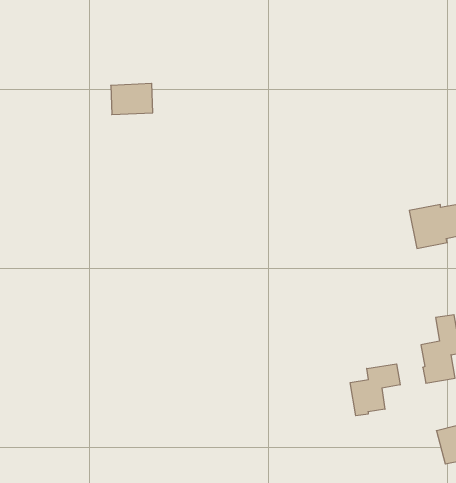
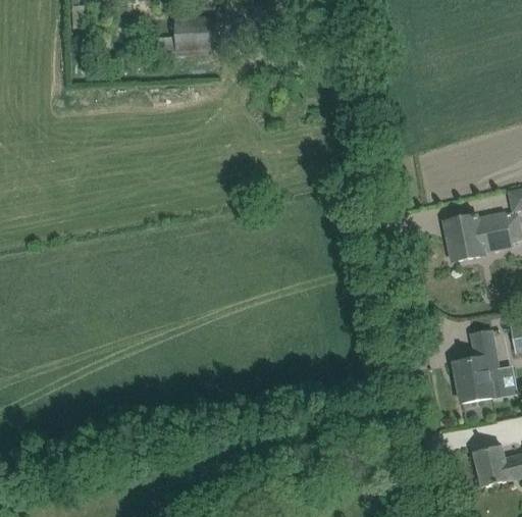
building: [111,83,153,115] -> [174,15,218,48]
building: [350,364,400,416] -> none

